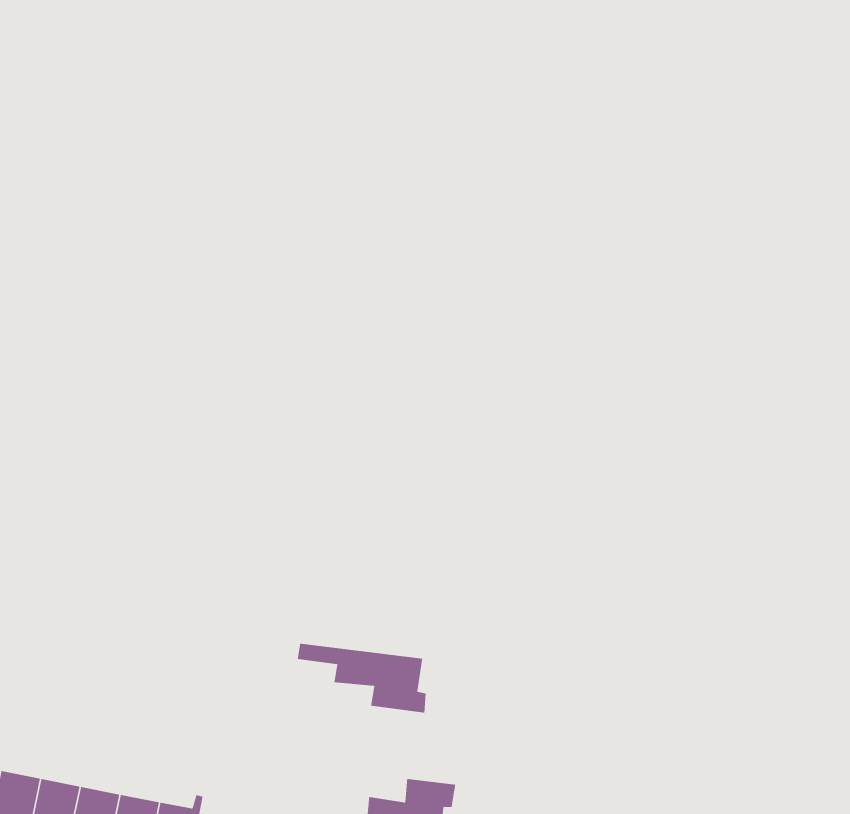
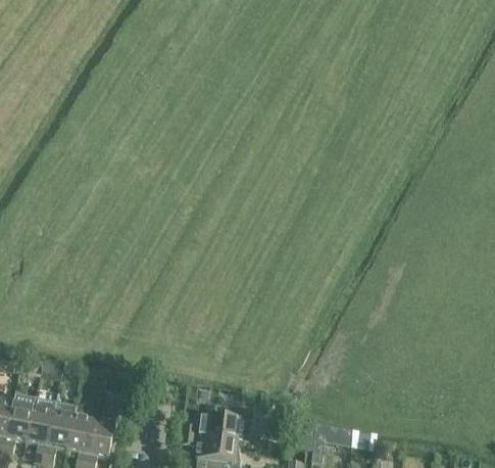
building: [297,643,427,713] -> none

